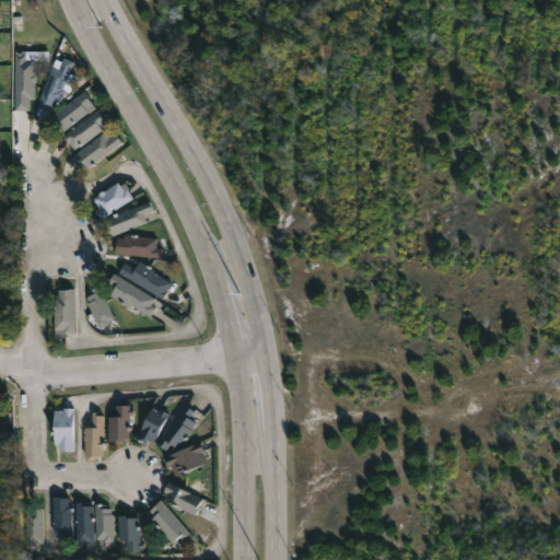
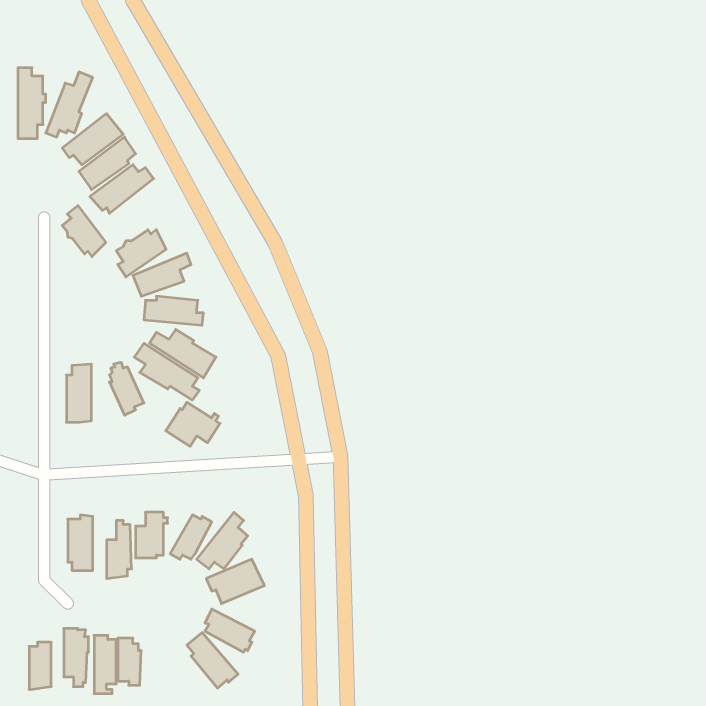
building: none -> [62,206,106,257]
building: none -> [166,402,220,446]
building: [119,516,143,553] -> none

